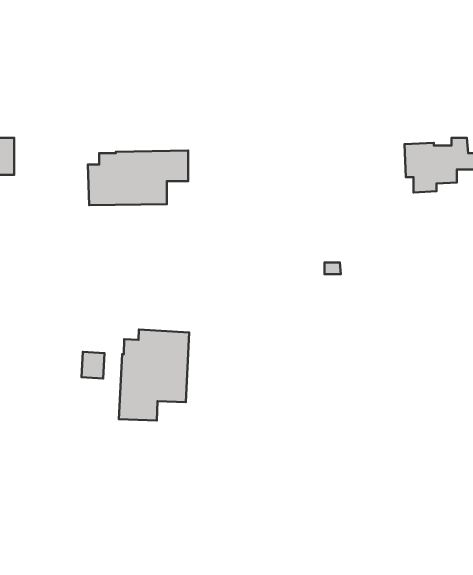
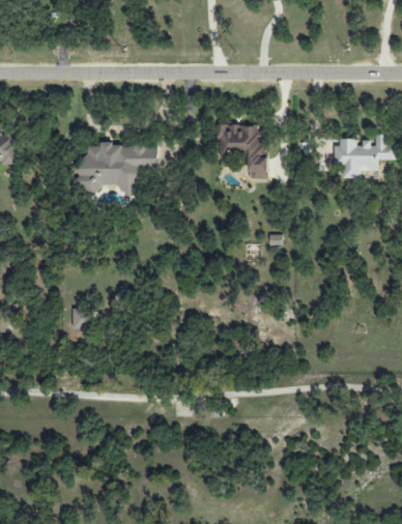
building: none -> [217,124,270,178]
building: [119,329,189,421] -> none

